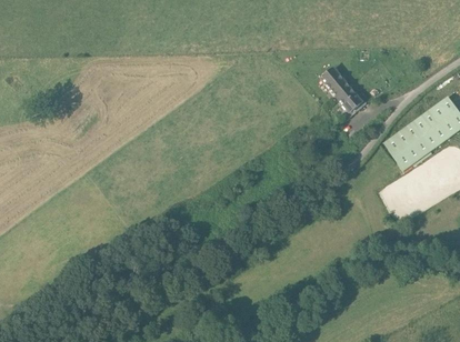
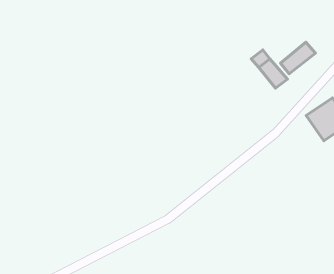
building: none -> [281,42,316,74]

